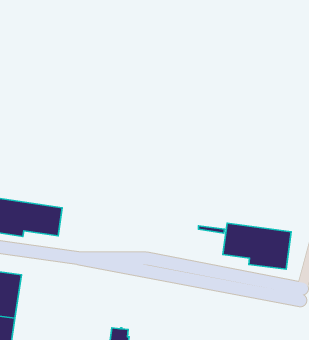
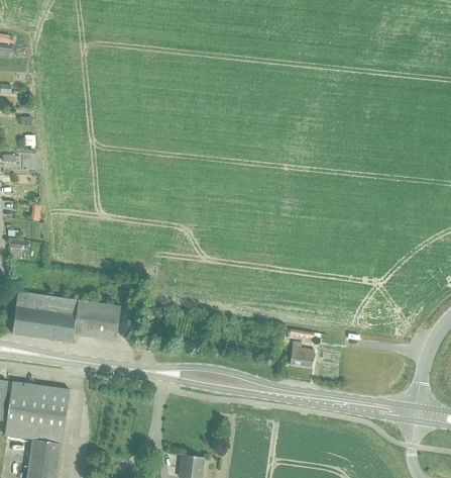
building: [223,223,291,269] -> none
building: none -> [289,341,313,367]

